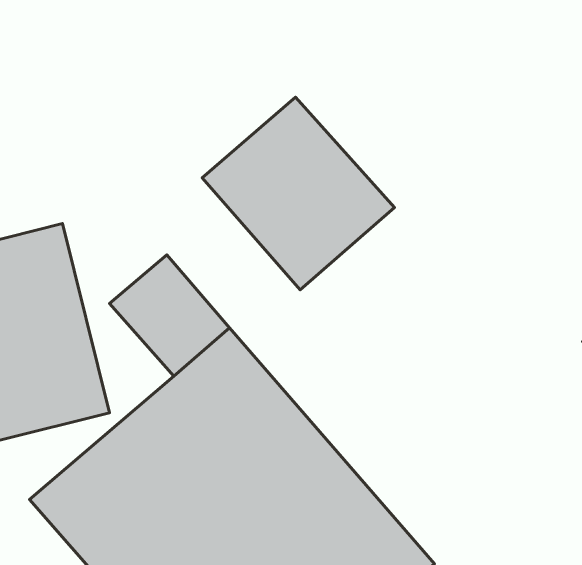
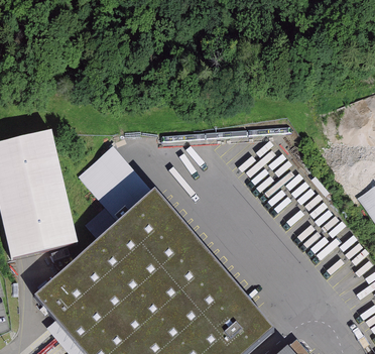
building: [202,97,395,290] -> none

